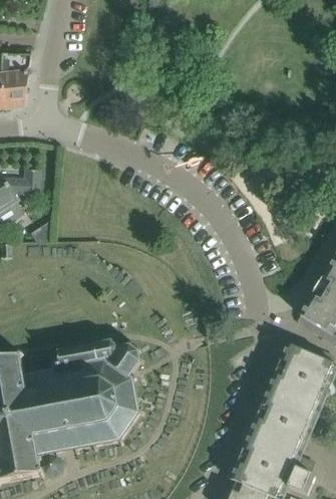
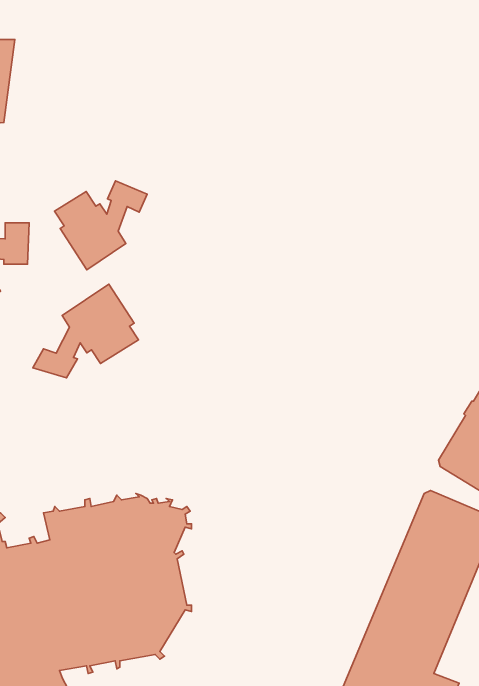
building: none -> [55,181,147,270]
building: none -> [33,284,138,378]

